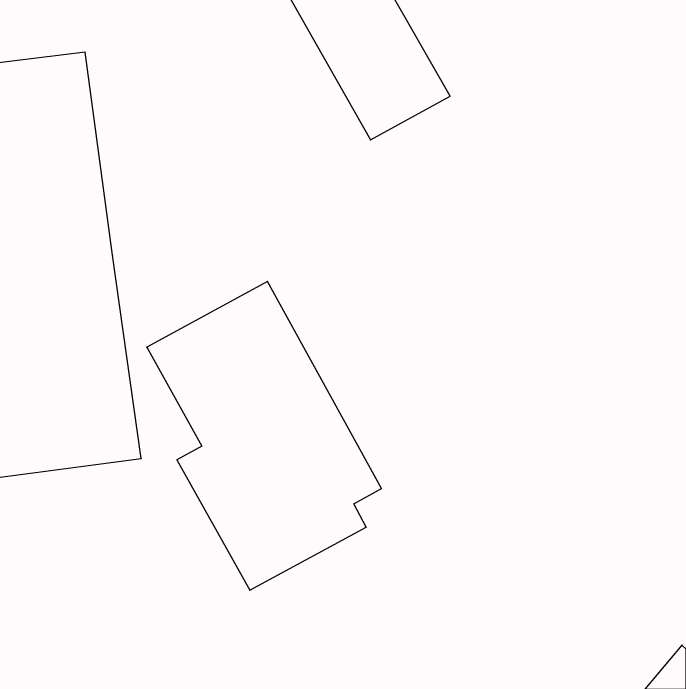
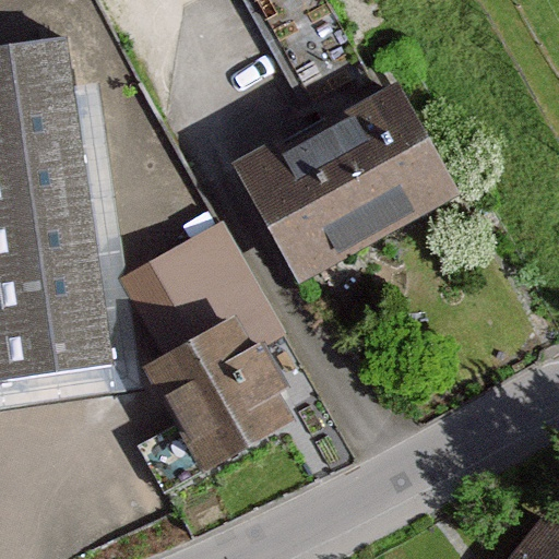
building: none -> [242,83,463,280]

